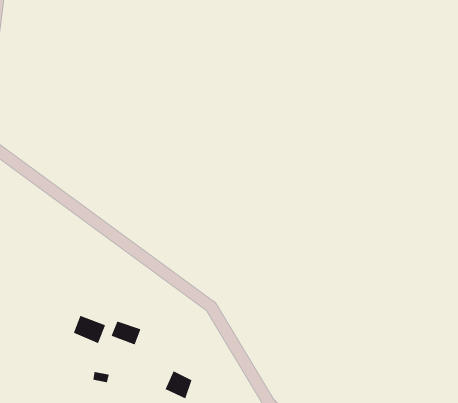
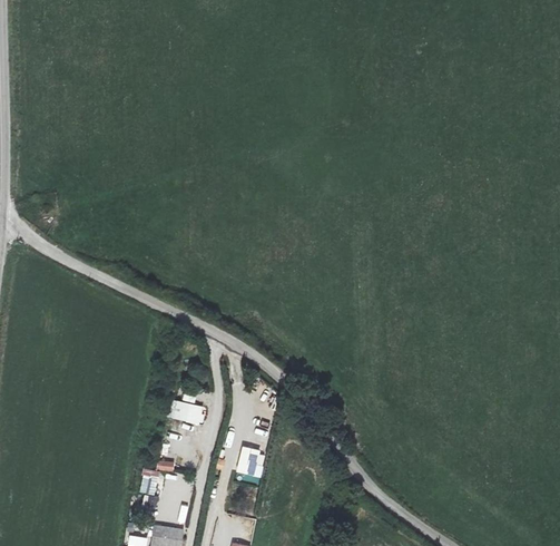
building: [73,315,106,344] -> none

